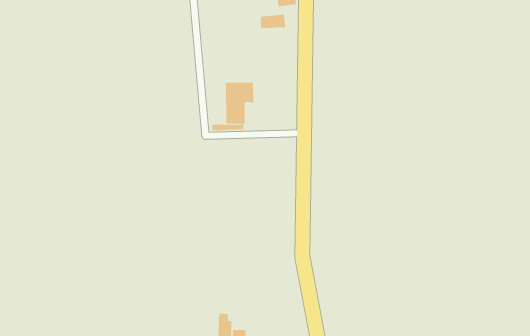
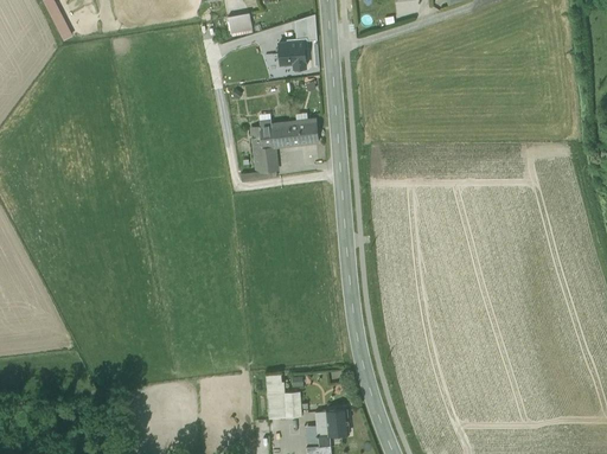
building: none -> [281,121,318,148]

